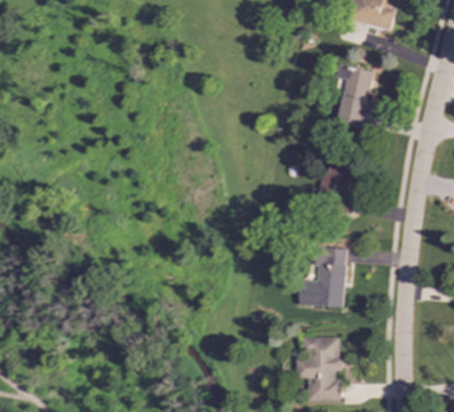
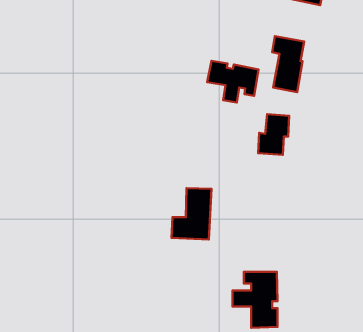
building: none -> [207,61,259,102]
building: [300,246,346,306] -> [172,188,211,239]

